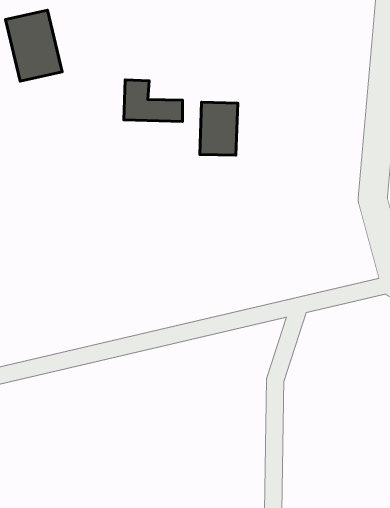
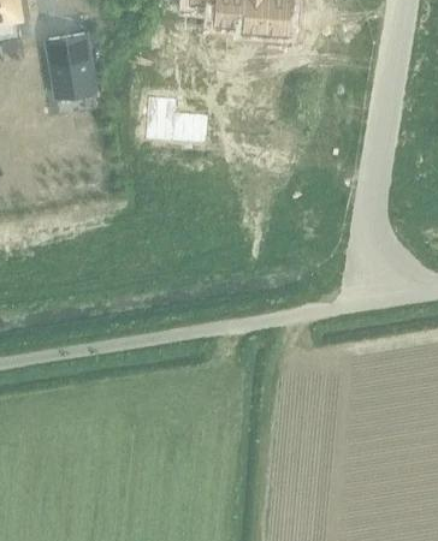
building: [200,102,238,155] -> none

